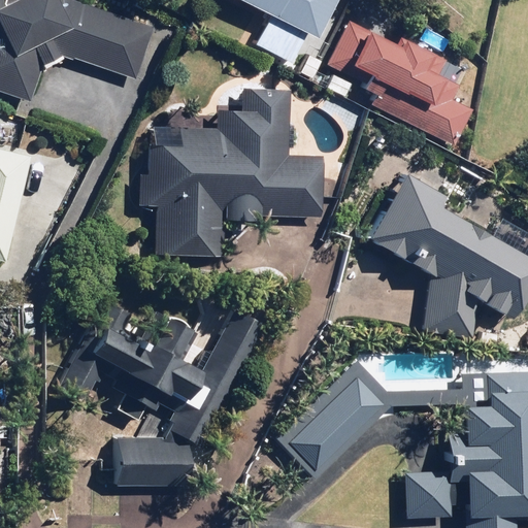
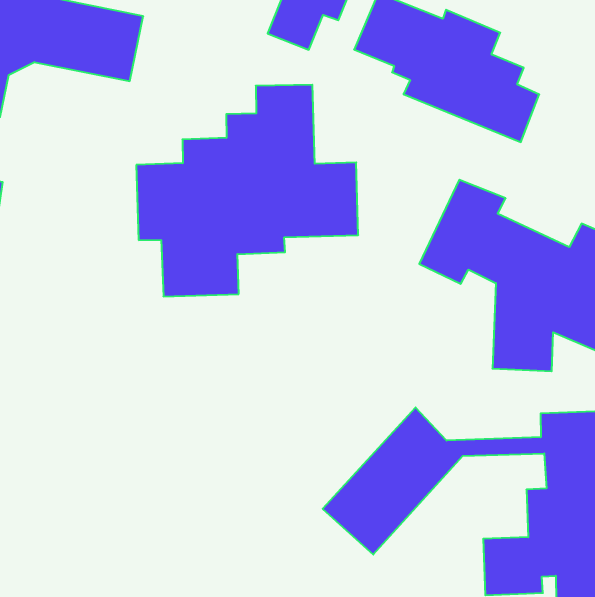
building: [60,299,265,488] -> none

